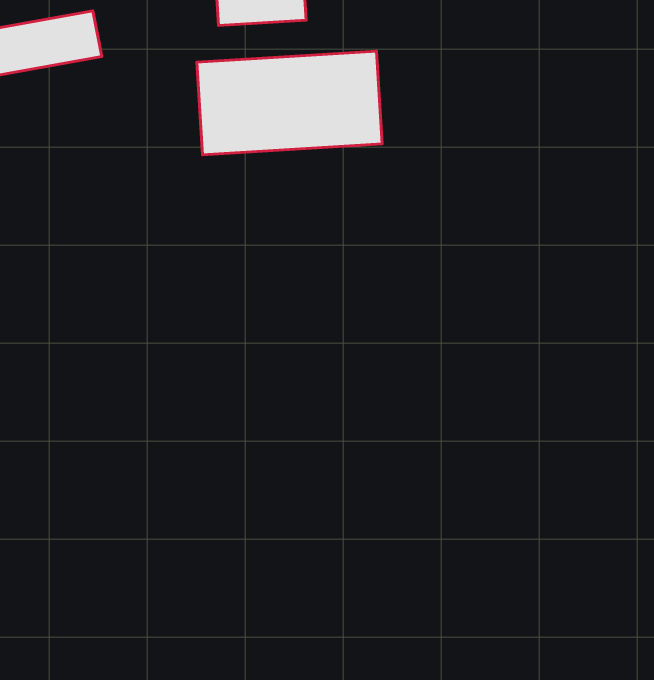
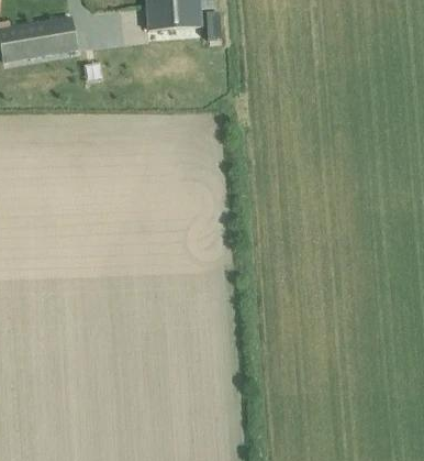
building: [197,51,382,155] -> none

